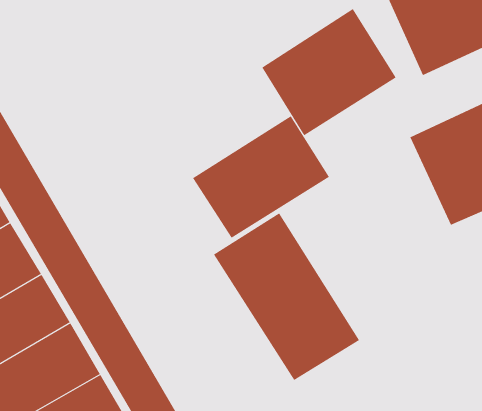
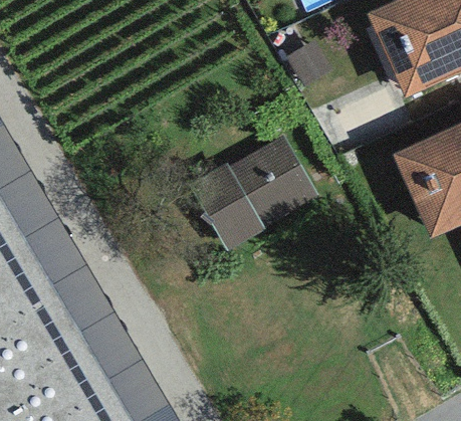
building: [262,8,397,136] -> none
building: [213,213,360,381] -> none

